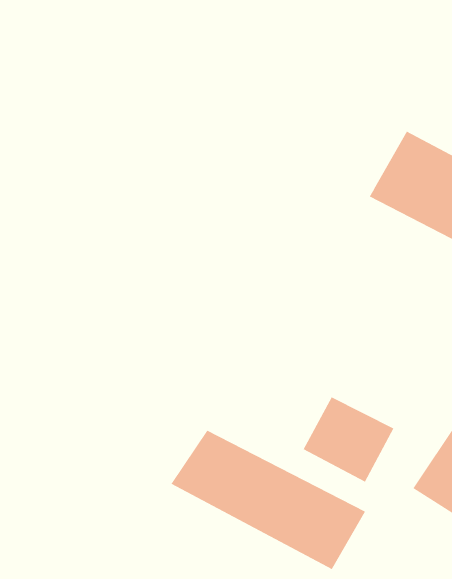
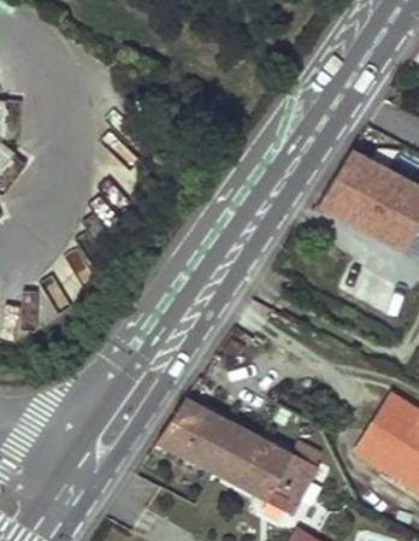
building: [303,397,394,483] -> none

